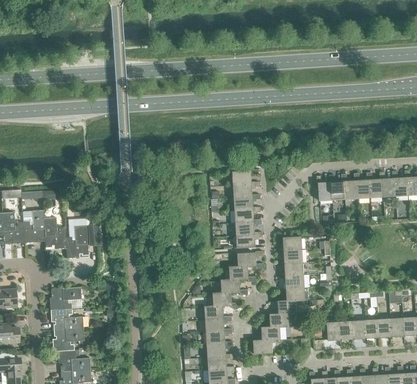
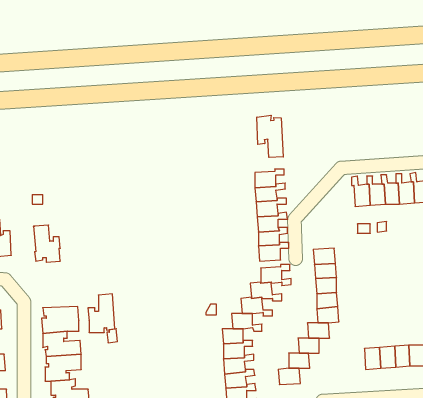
building: none -> [257,115,283,157]
building: [21,210,44,243] -> none
building: [64,225,87,258] -> [88,294,115,332]

